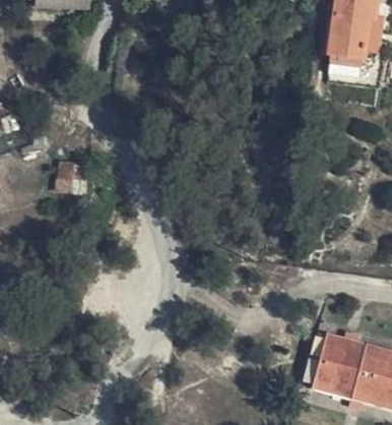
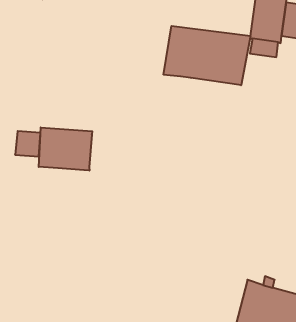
building: none -> [164,26,250,85]
building: none -> [39,127,92,171]

